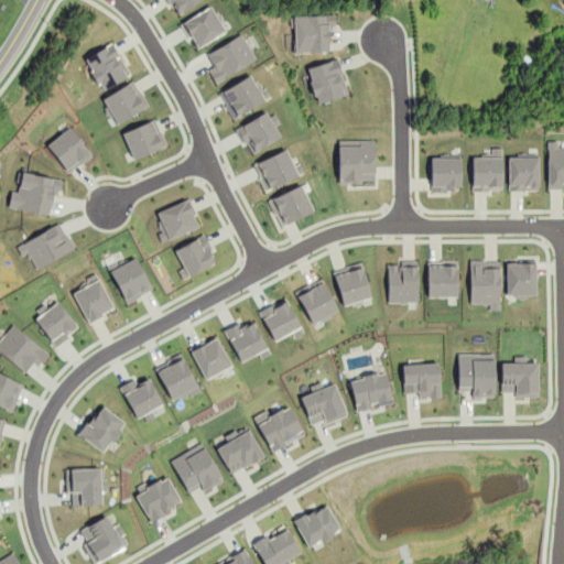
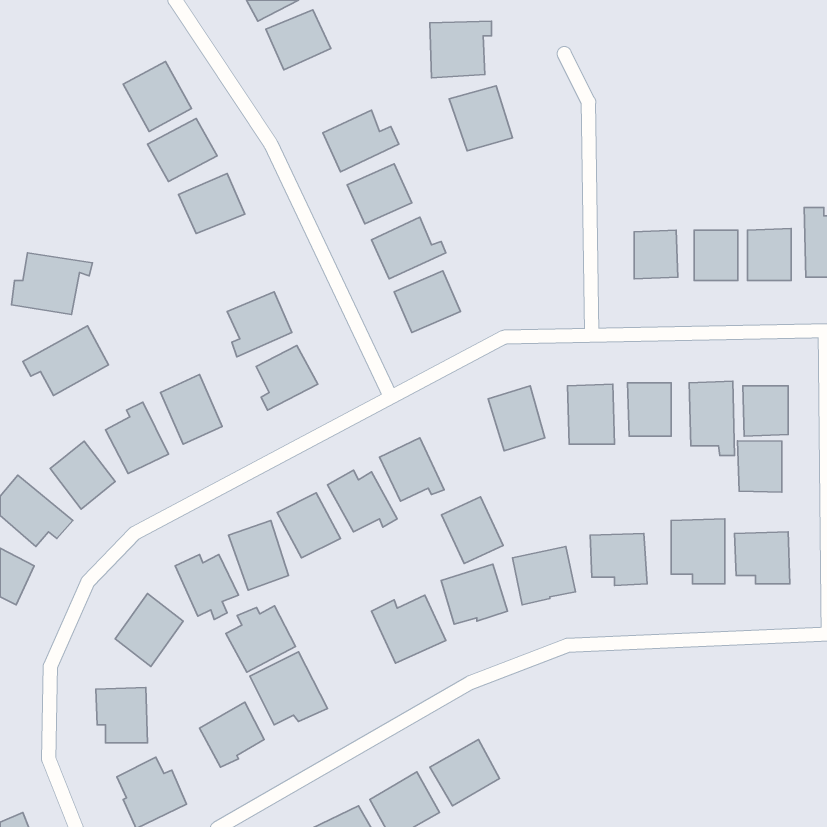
building: [207,35,257,82] -> none
building: [47,127,93,174] -> none
building: [338,140,376,184] -> none
building: [296,280,338,325] -> [441,497,503,563]
building: none -> [738,441,782,492]
building: [216,430,263,475] -> [226,606,295,672]

